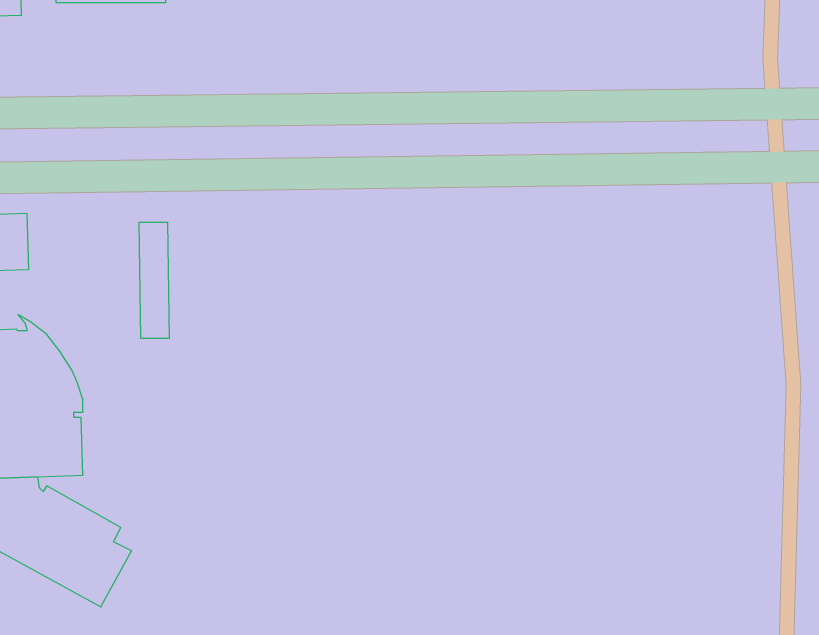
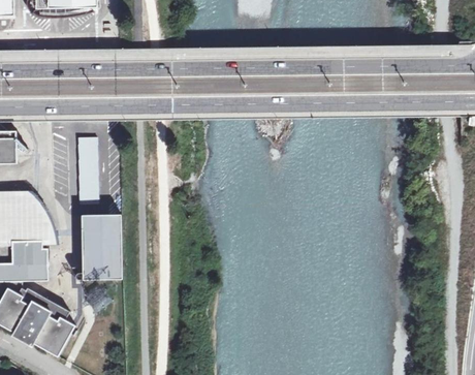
building: none -> [75,215,122,281]

